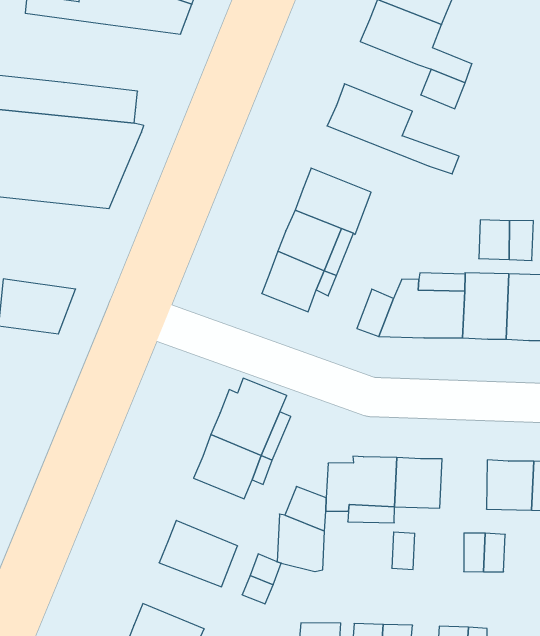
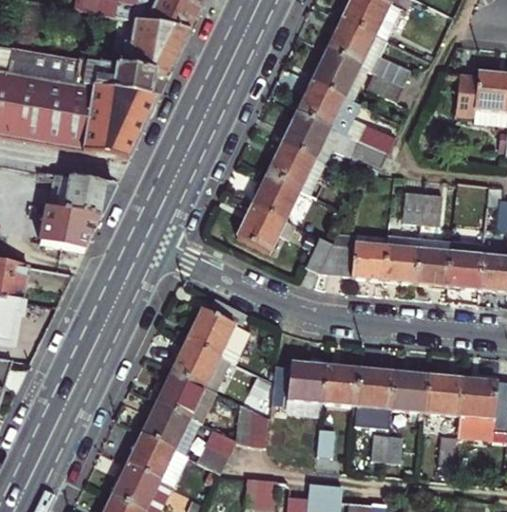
building: none -> [96,25,186,79]
building: none -> [307,50,363,101]
building: none -> [278,112,367,166]
building: none -> [45,180,111,223]
building: none -> [359,368,397,408]
building: none -> [160,371,220,424]
building: none -> [131,433,191,485]

